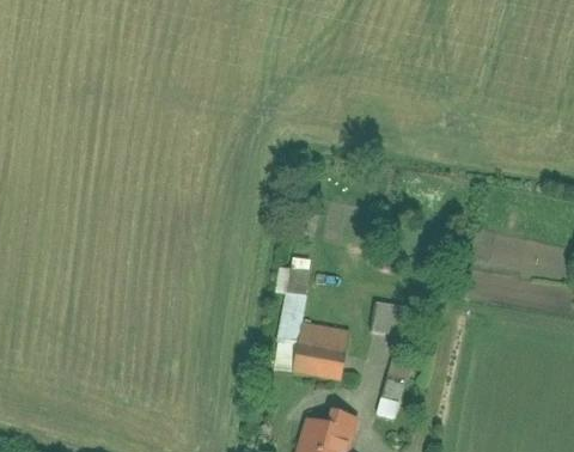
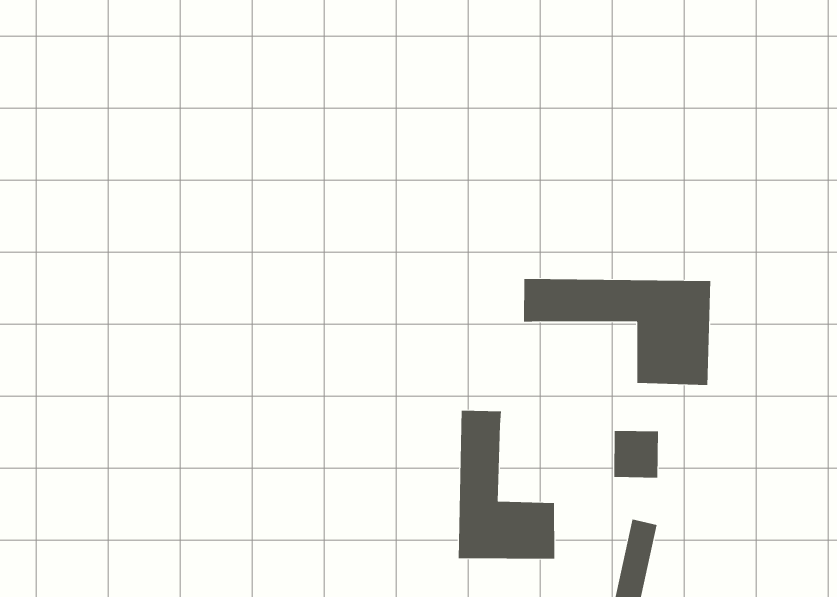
building: none -> [523,278,711,386]

